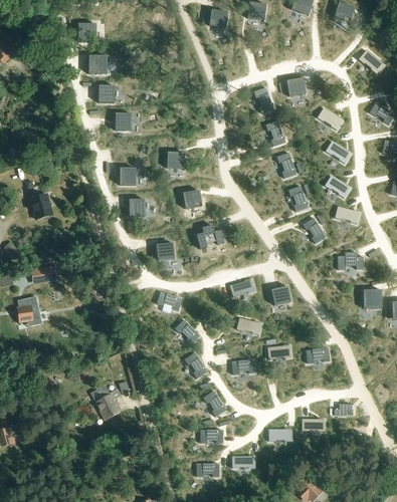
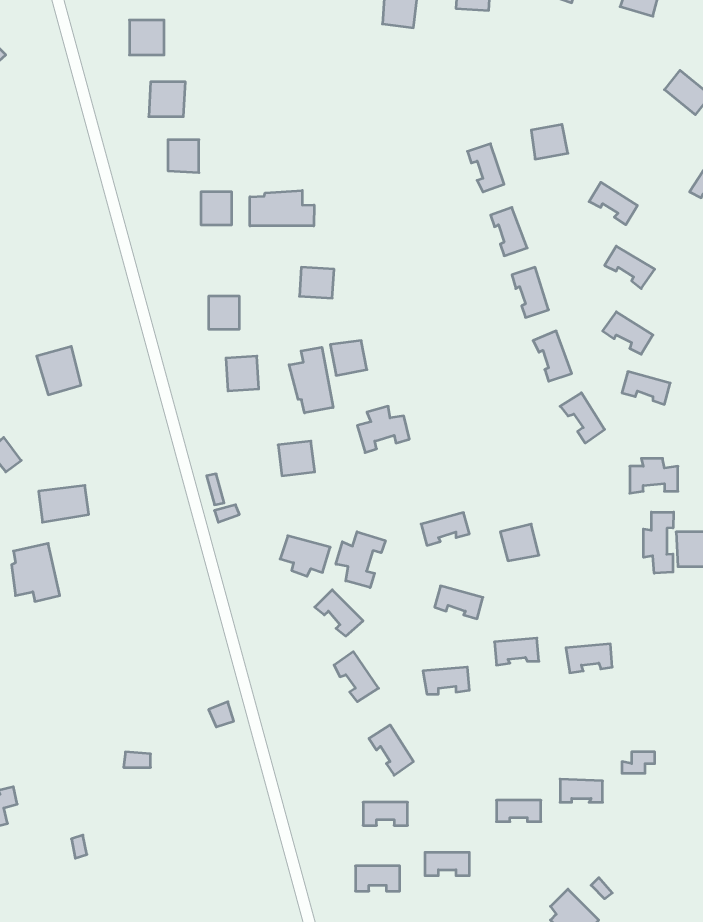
building: none -> [250,190,314,226]
building: none -> [289,347,333,413]
building: none -> [643,512,674,573]
building: none -> [336,532,385,588]
building: [95,389,121,420] -> none

